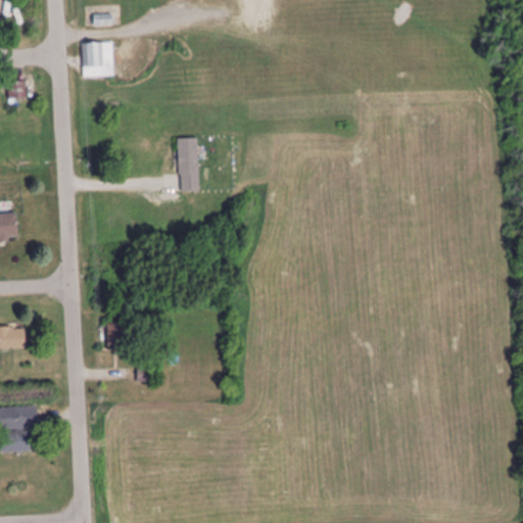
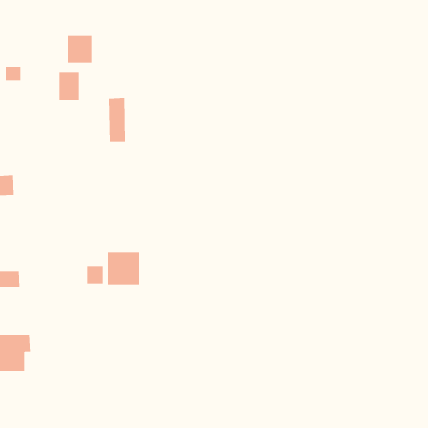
building: none -> [59,72,79,101]
building: [177,137,198,191] -> [108,98,126,142]
building: none -> [107,251,140,286]

